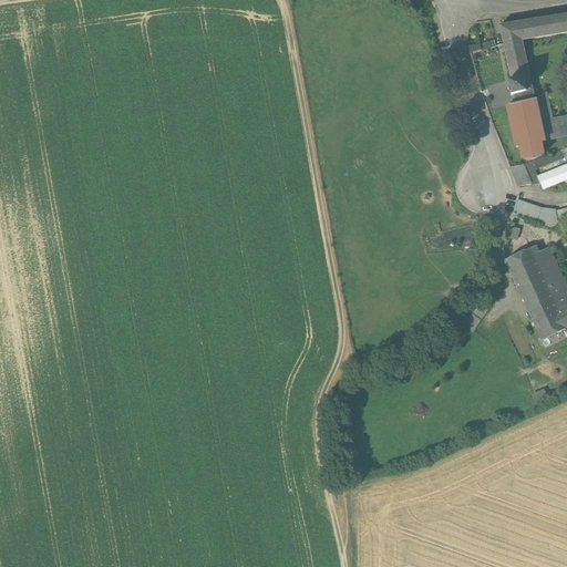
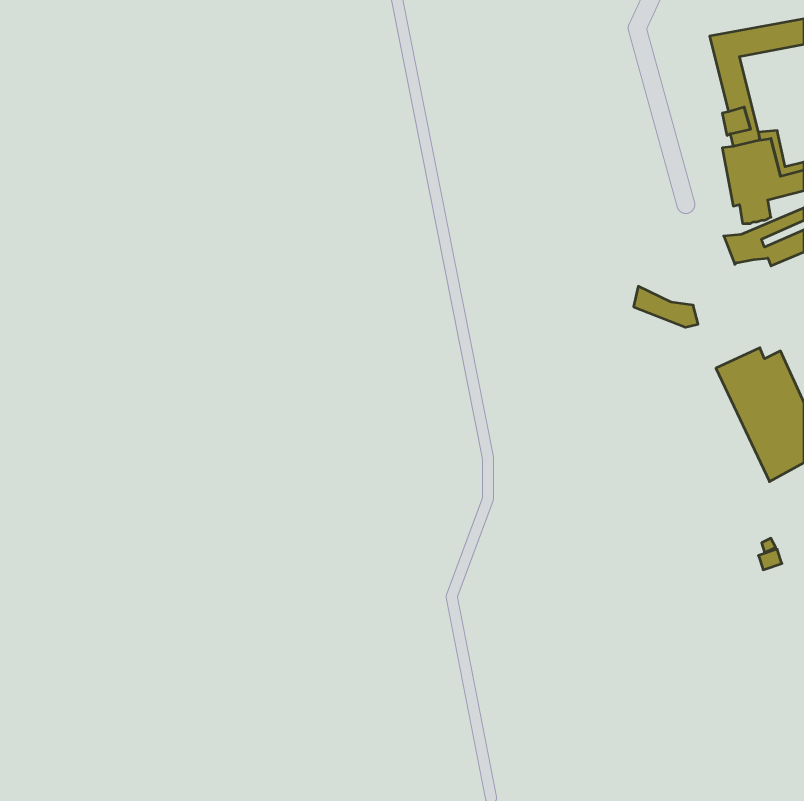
building: [513,197,558,226] -> [634,286,698,327]

